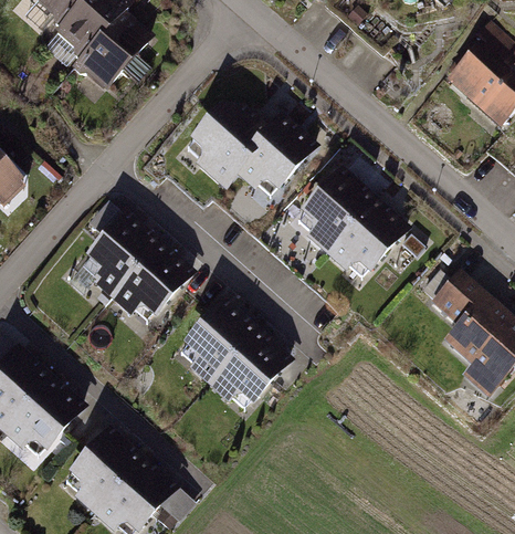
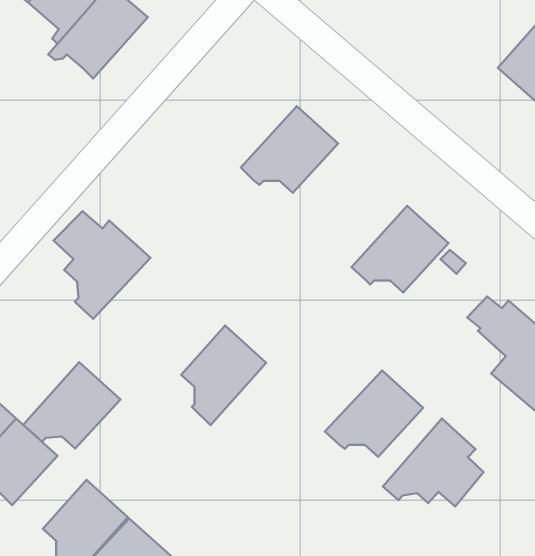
building: [187,107,263,185] -> none
building: [299,169,371,251] -> none
building: [112,243,192,315] -> [23,362,120,449]
building: [208,332,290,404] -> [325,370,423,457]
building: none -> [383,418,484,506]

